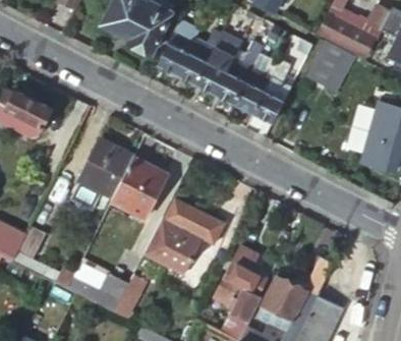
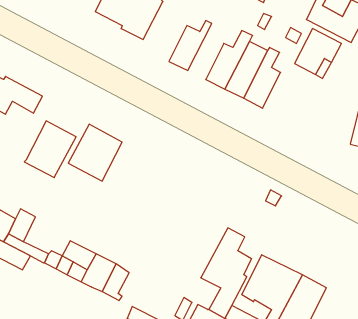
building: [159,20,202,75] -> none
building: [198,37,241,94] -> none
building: [109,158,162,216] -> [24,121,76,178]
building: [141,196,222,273] -> none

